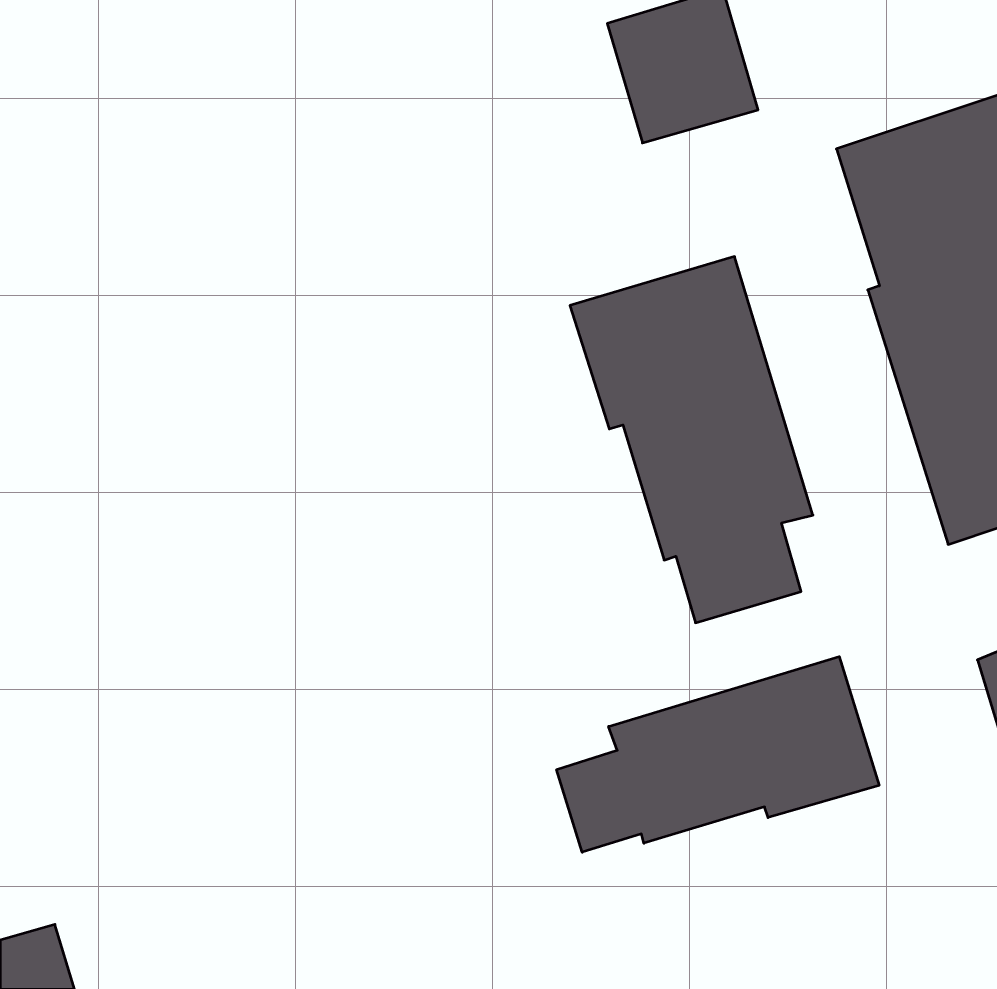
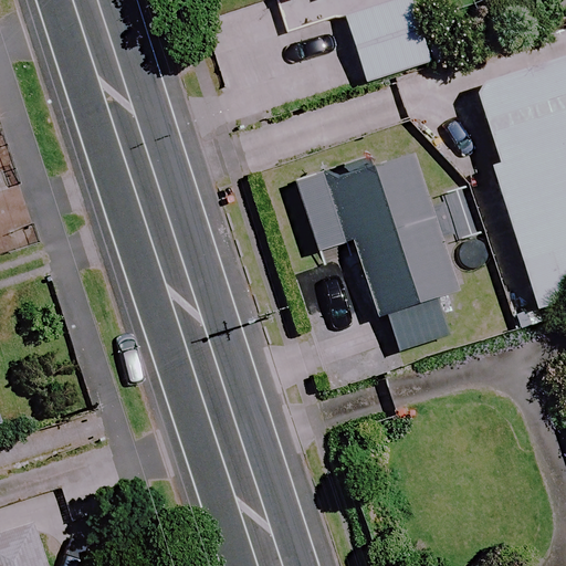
building: [557,657,879,852] -> none

